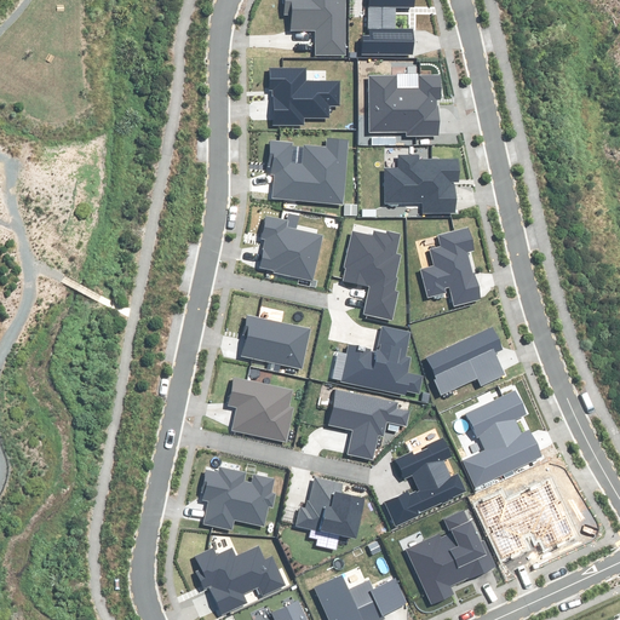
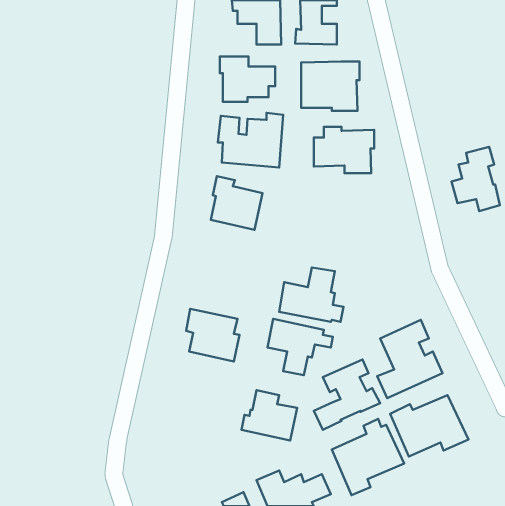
building: [420,228,480,306] -> [451,147,500,211]
building: [343,231,400,320] -> none
building: [242,316,309,369] -> none
building: [425,328,504,394] -> none
building: [200,467,275,530] -> none
building: [195,547,283,614] -> none

